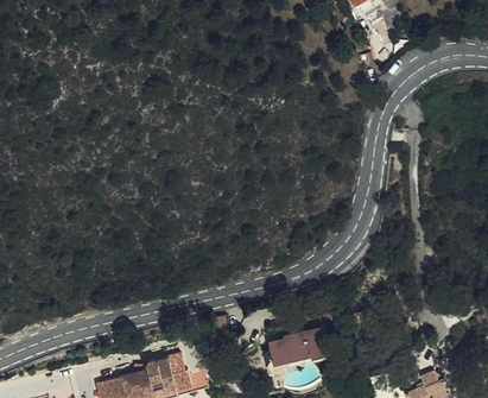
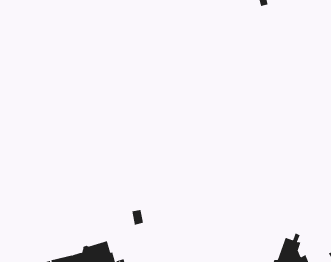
building: [272,329,330,365] -> none

